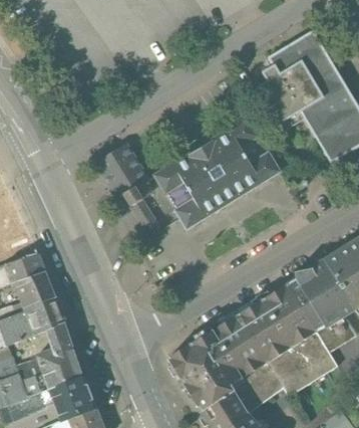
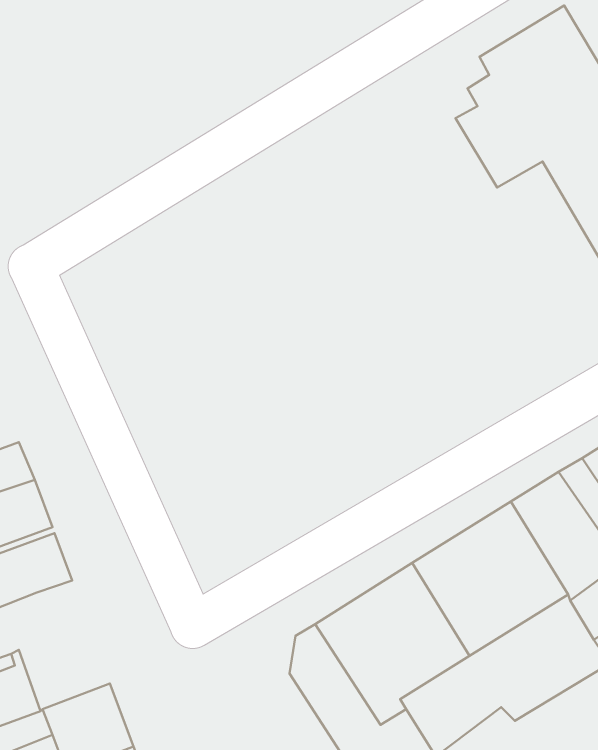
building: [152,118,279,228] -> none
building: [95,143,159,235] -> none
building: [36,324,83,390] -> none

